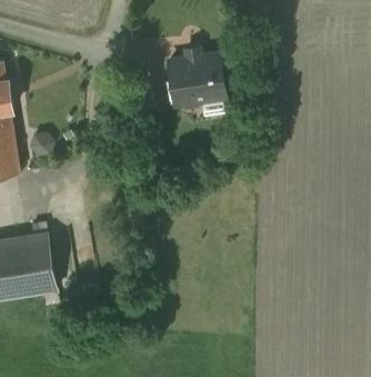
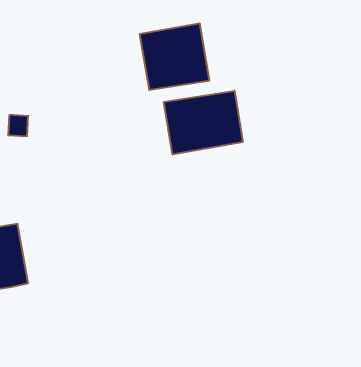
building: none -> [164,91,243,154]

